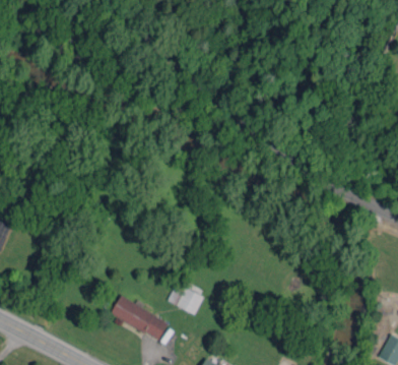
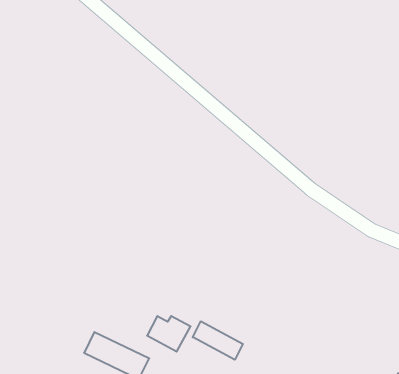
building: none -> [193,321,243,360]

